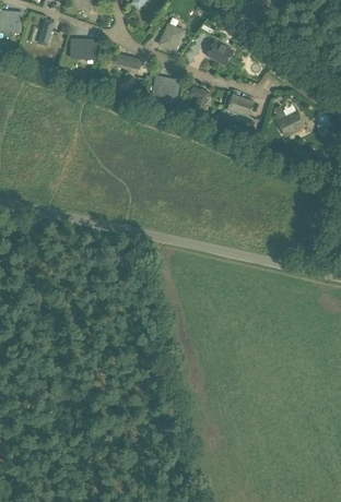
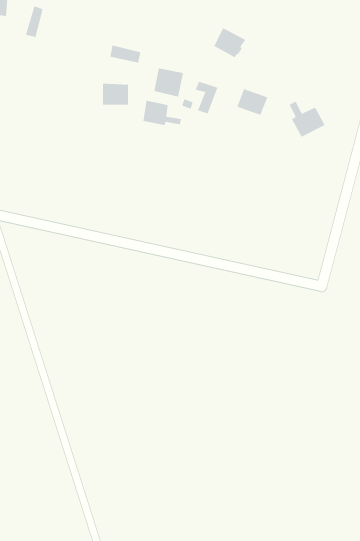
building: [157,21,185,51] -> none
building: [71,37,95,57] -> [102,83,129,105]
building: none -> [143,100,181,126]

